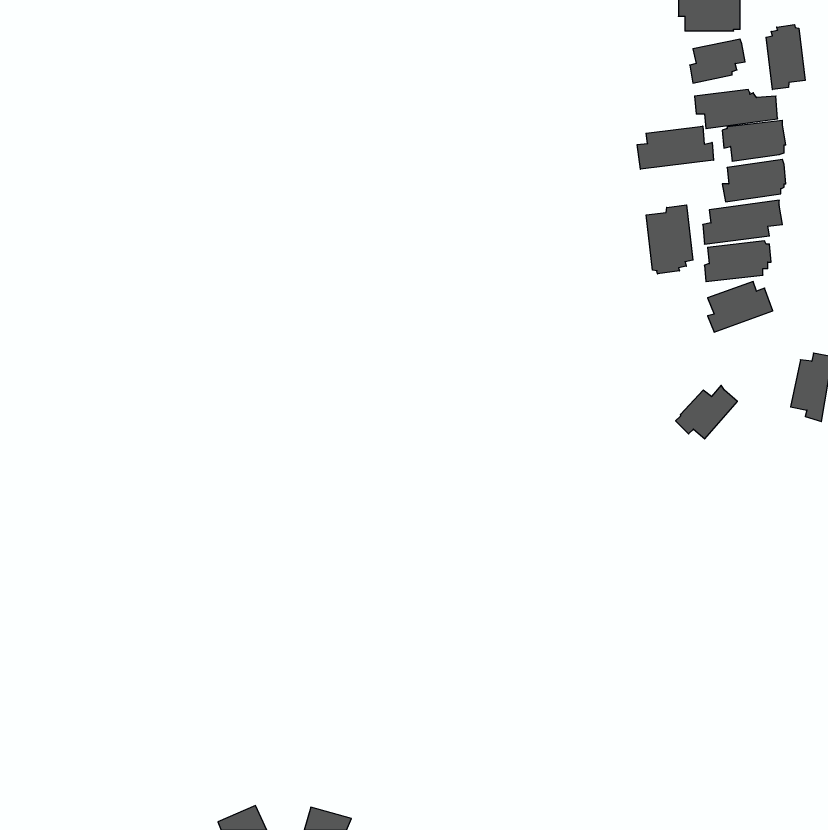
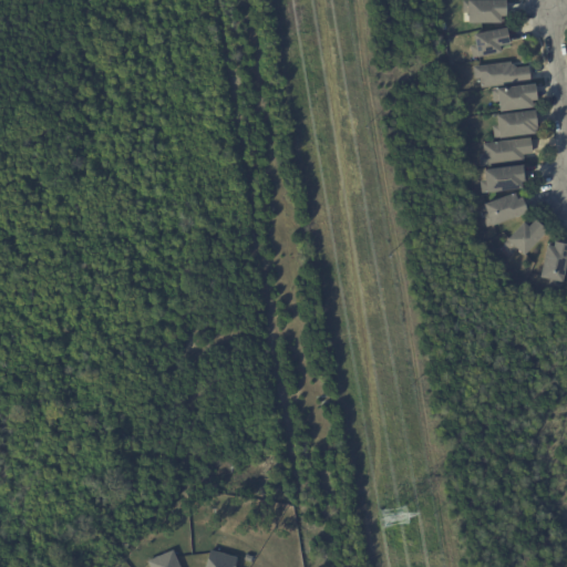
building: [766,25,805,90] -> none
building: [637,126,714,169] -> none
building: [646,205,693,274] -> none
building: [676,385,737,439] -> [505,218,547,255]

